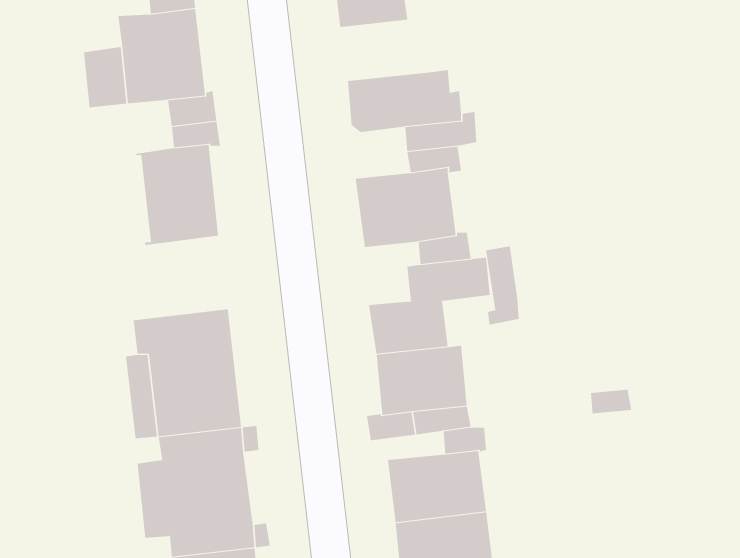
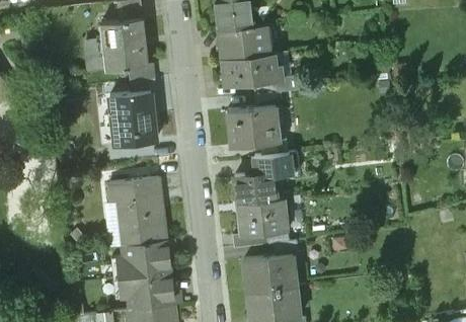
building: none -> [219,24,269,58]
building: [486,245,519,325] -> none

